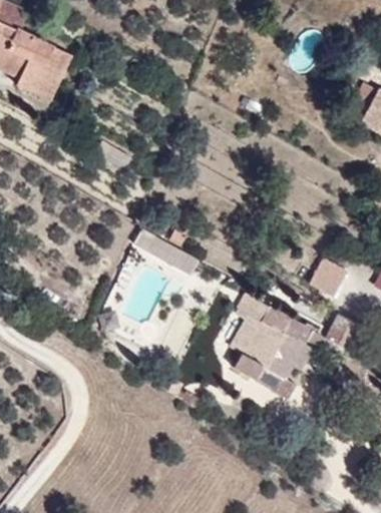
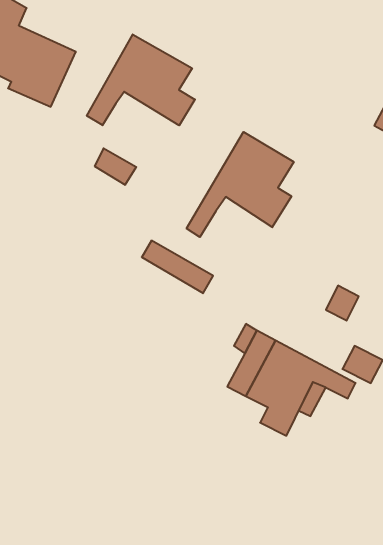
building: none -> [87,34,195,125]
building: none -> [187,132,294,237]

